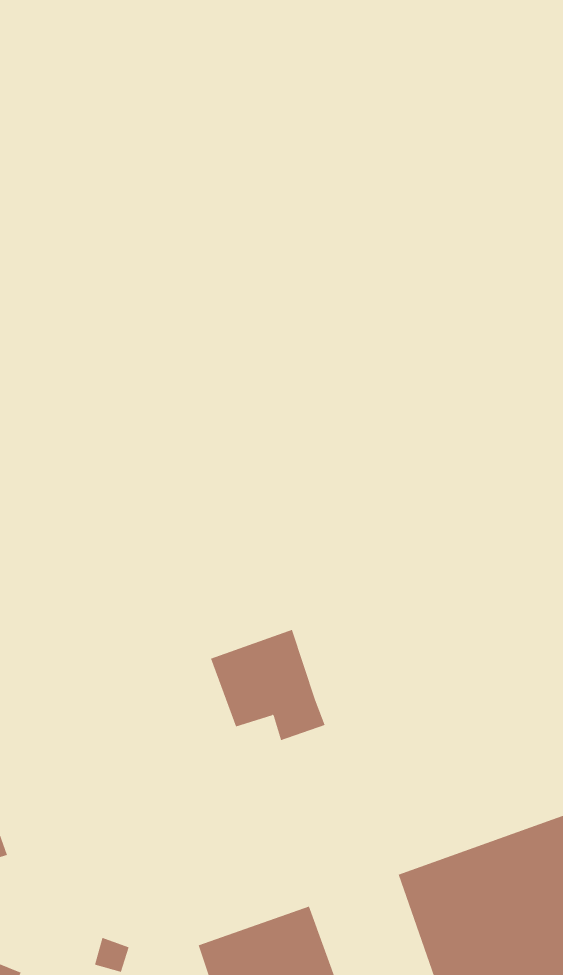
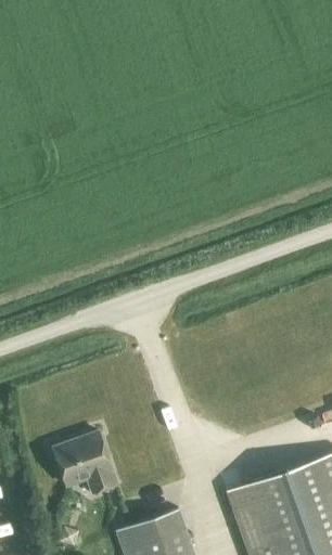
building: [210,629,326,741] -> [53,433,117,494]

